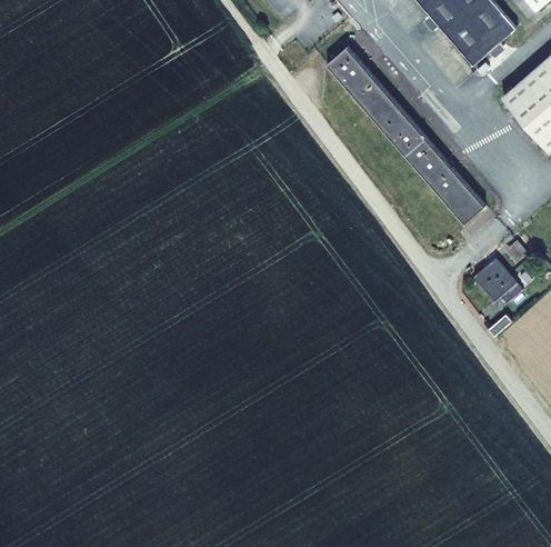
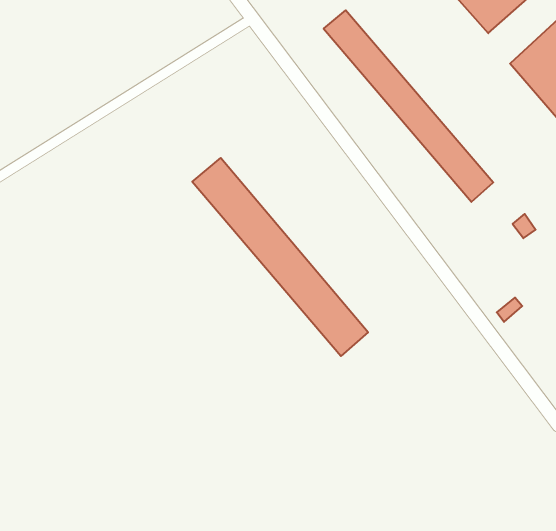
building: none -> [192,158,368,356]
building: [475,259,521,301] -> none

